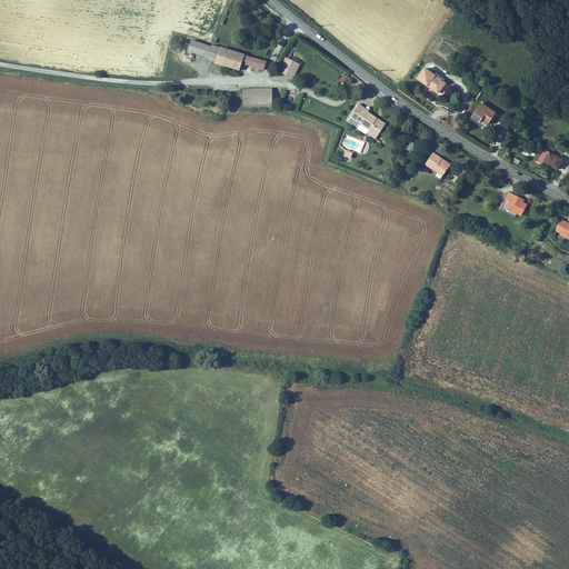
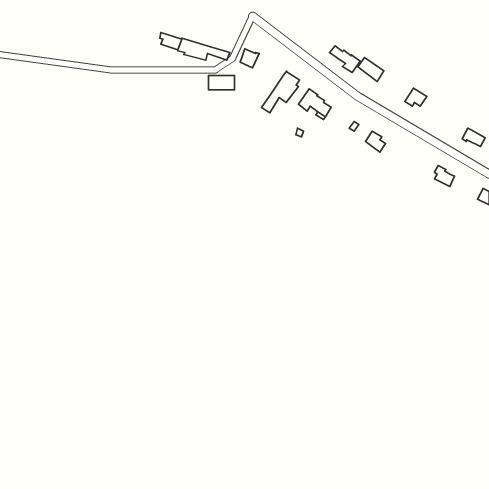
building: none -> [330,46,360,73]
building: none -> [261,71,300,113]

